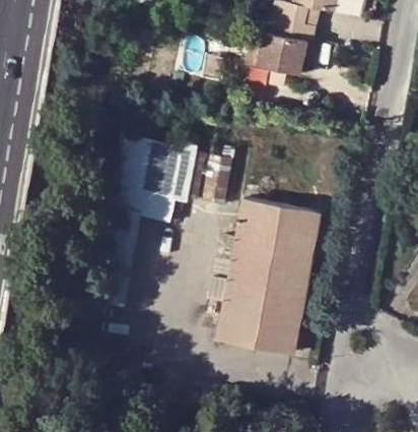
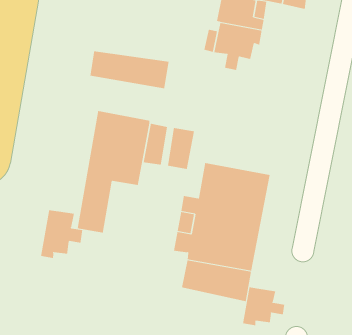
building: none -> [90,50,169,89]
building: none -> [41,209,83,259]
building: none -> [243,287,285,326]

